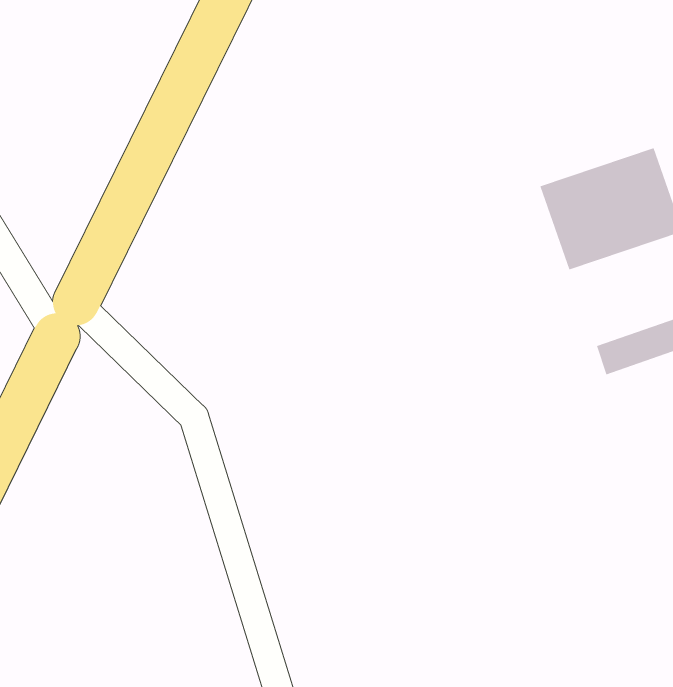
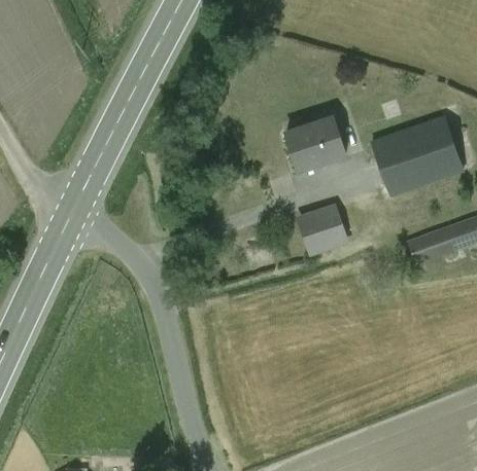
building: none -> [285,118,345,171]
building: none -> [298,208,344,253]

